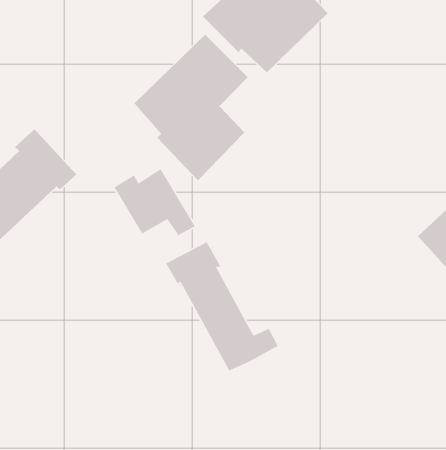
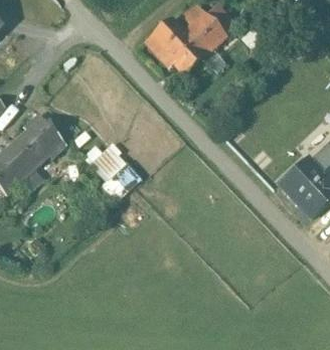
building: [133,34,248,181] -> none
building: [165,241,279,372] -> none

